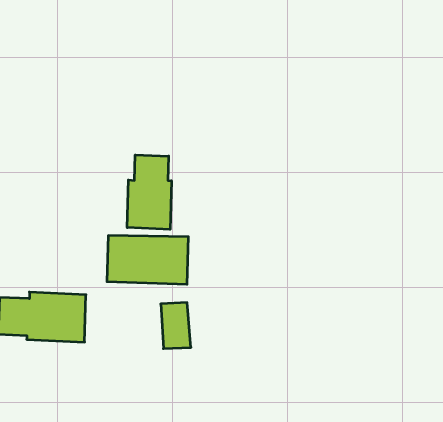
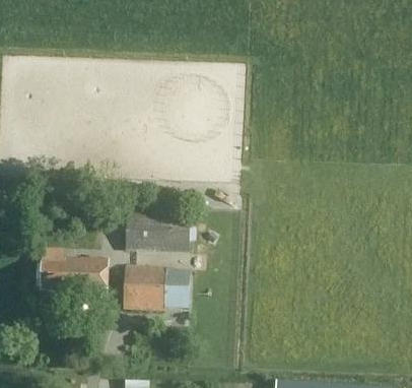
building: [127,155,171,229] -> none
building: none -> [122,265,164,310]

